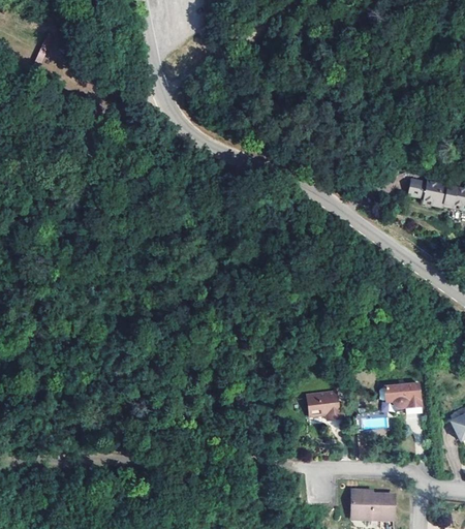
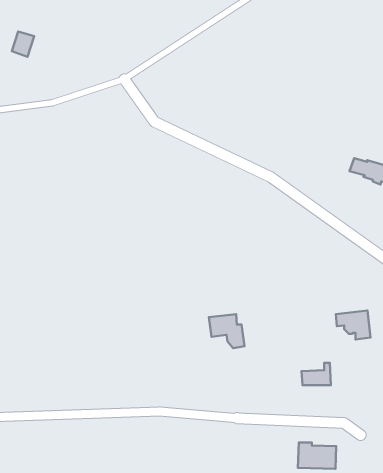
building: [384,382,423,414] -> [336,310,370,339]
building: [306,391,345,428] -> [209,314,244,348]

